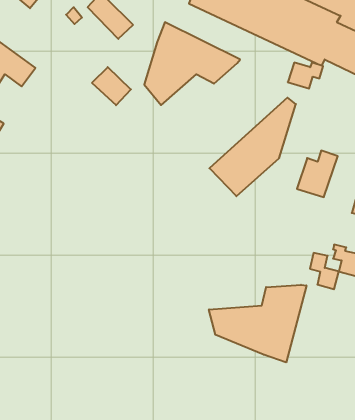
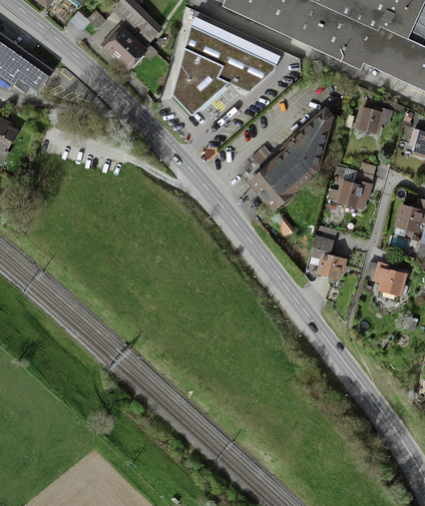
building: [288,63,323,89] -> [356,107,394,135]
building: [92,67,131,105] -> [101,24,143,65]
building: [310,253,339,289] -> [310,236,341,276]
building: [209,285,306,362] -> none

